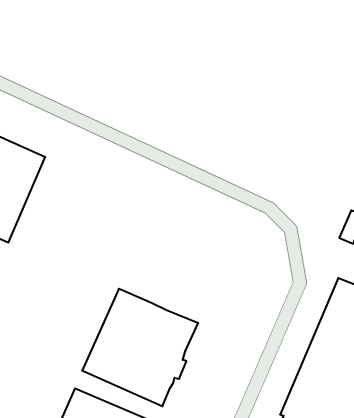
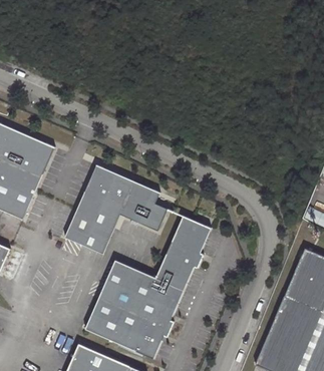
building: none -> [63,164,166,254]
building: none -> [156,216,212,289]

